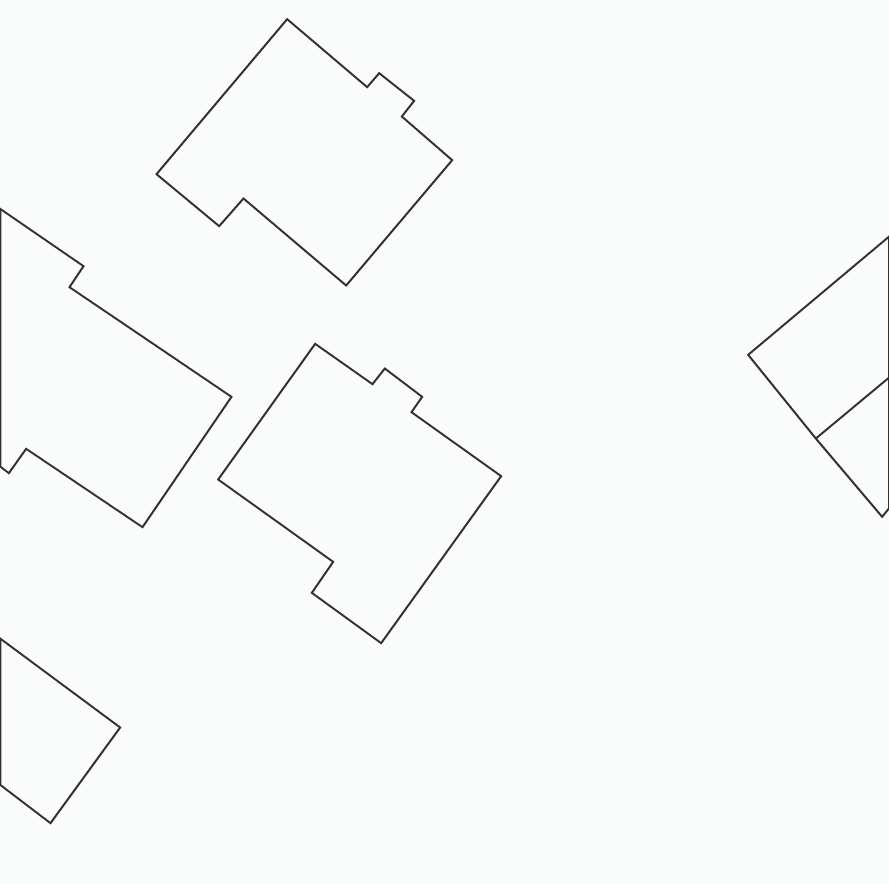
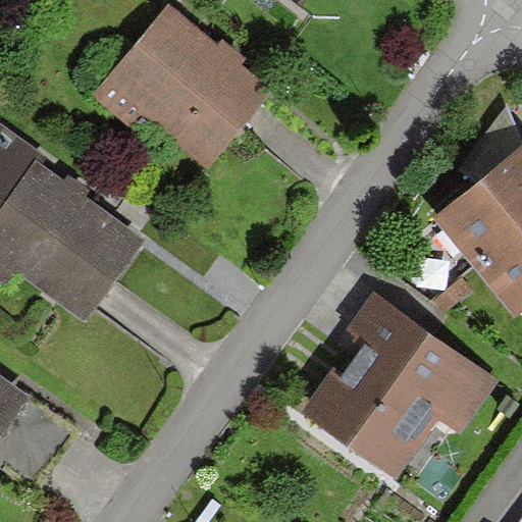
building: [218,344,501,643] -> none
building: none -> [310,297,493,476]

